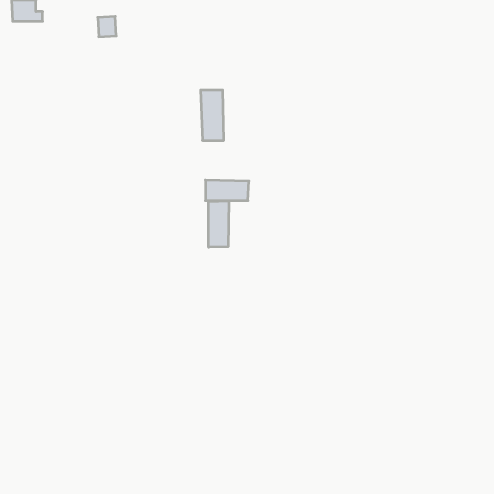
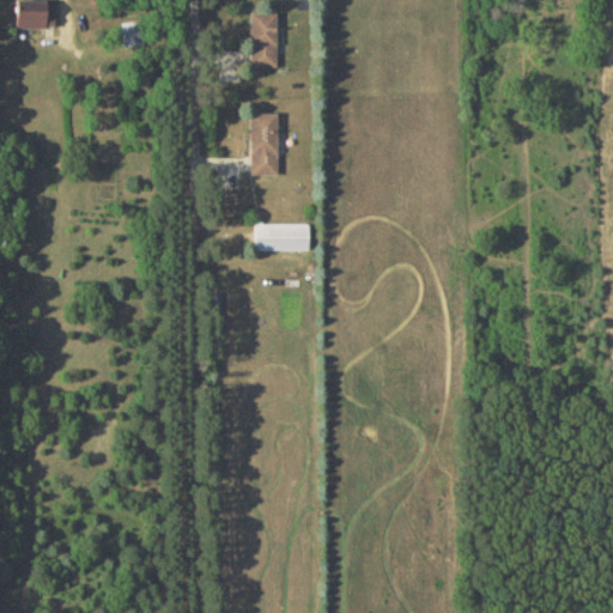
building: none -> [250,12,277,67]
building: [209,201,229,247] -> none

